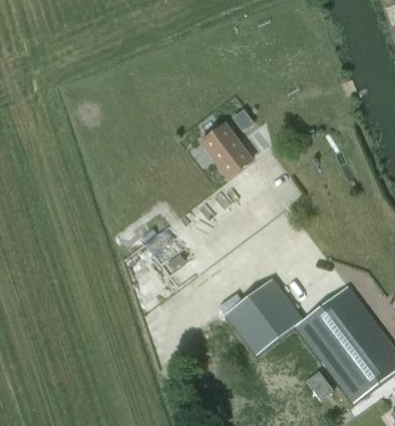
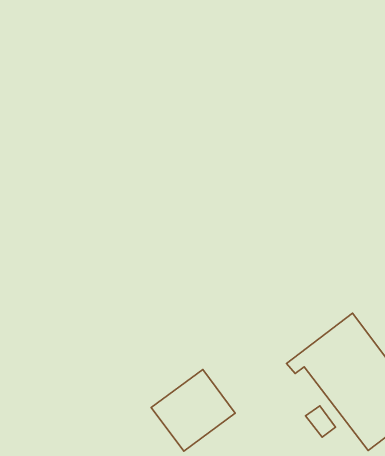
building: [207,125,249,171] -> none
building: [227,280,302,353] -> [151,369,235,451]

